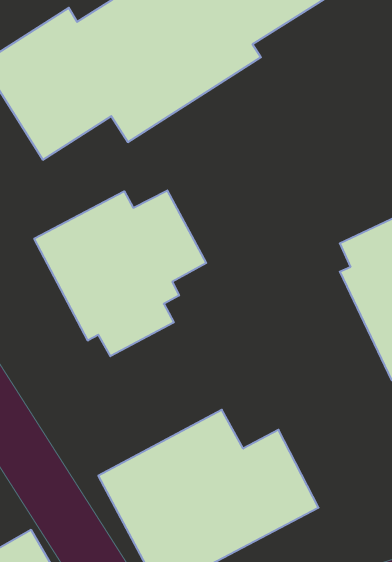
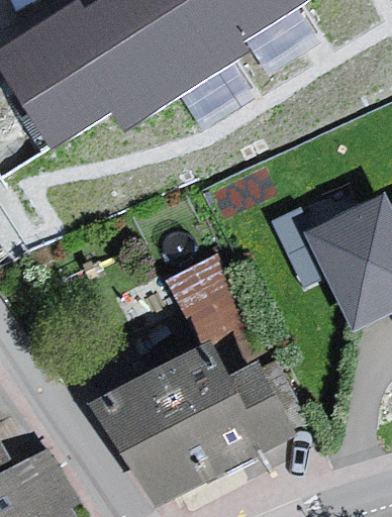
building: [34,190,206,356] -> none
building: none -> [172,260,265,378]

